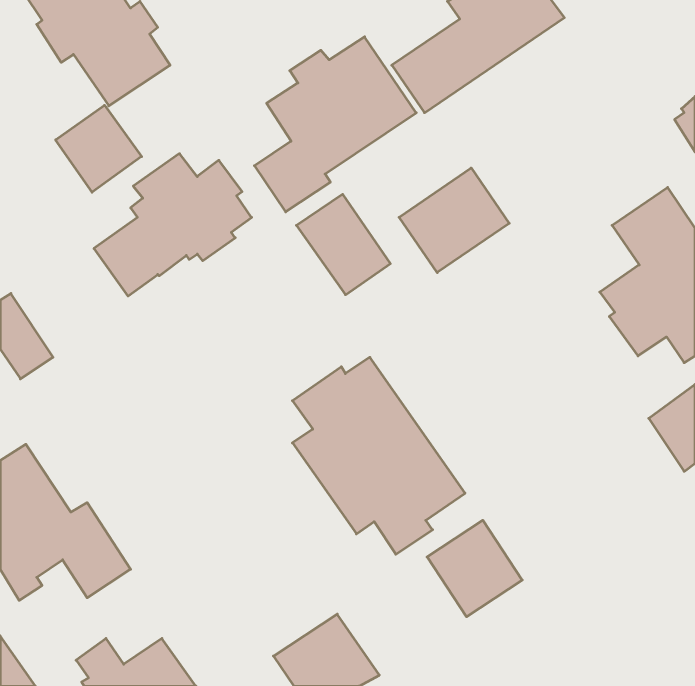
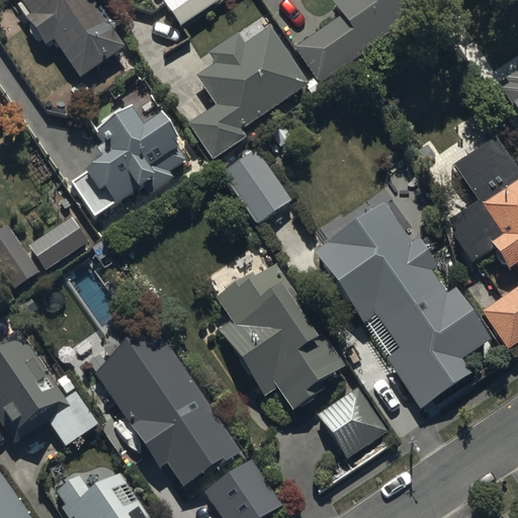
building: [56,105,142,192] -> none
building: [399,168,509,273] -> none
building: none -> [313,199,489,405]
building: none -> [29,211,87,264]
building: none -> [95,316,243,484]

